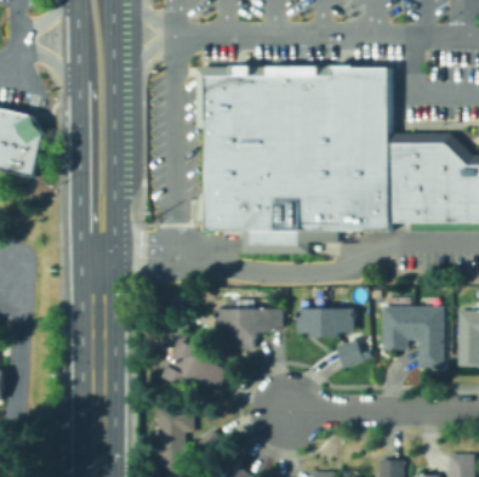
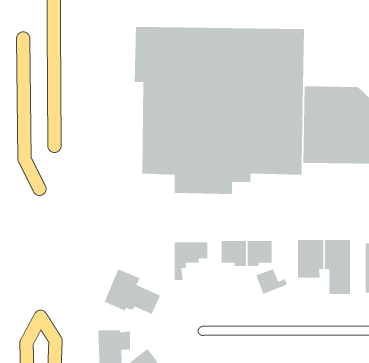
building: [212,308,243,352] -> none

